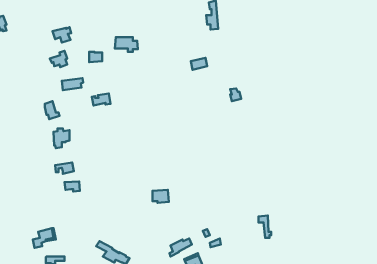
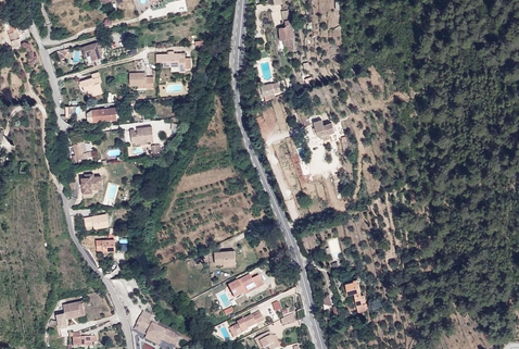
building: none -> [223,273,257,297]

